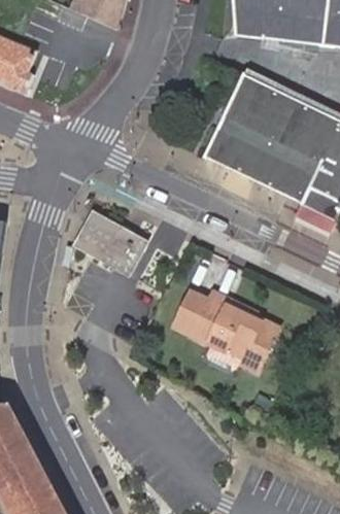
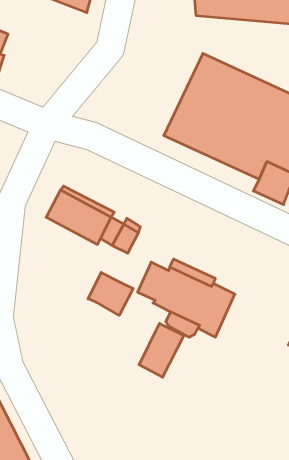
building: none -> [88,272,133,315]
building: none -> [139,323,184,377]

